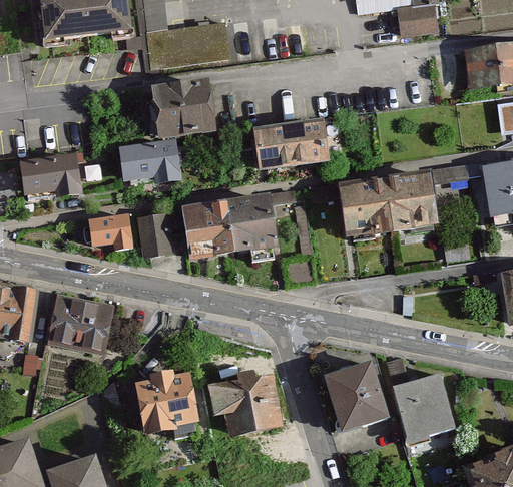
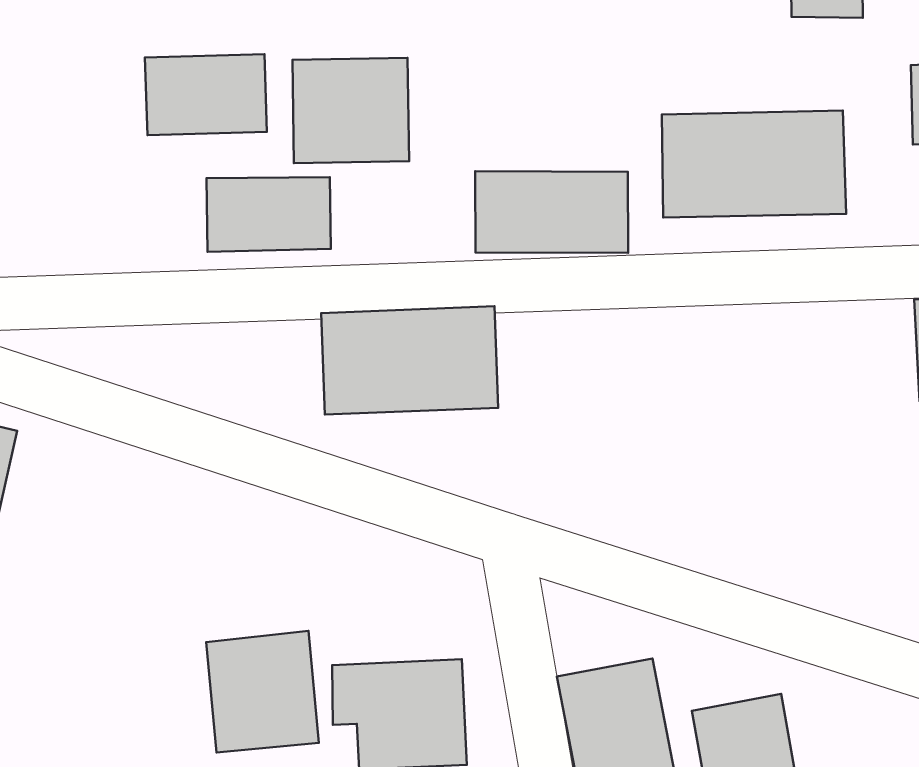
building: [18,151,84,199] -> [145,54,267,135]
building: [338,171,437,236] -> [662,110,846,218]
building: [137,211,173,257] -> none
building: [86,212,132,250] -> none
building: [54,292,107,356] -> none

